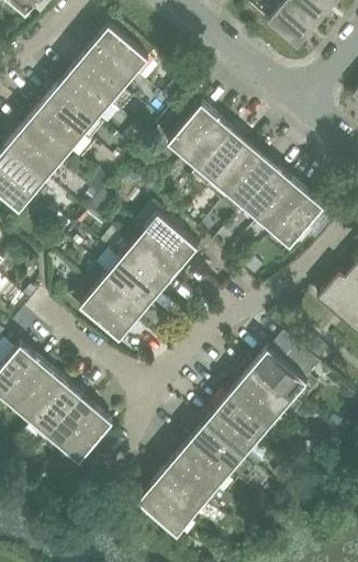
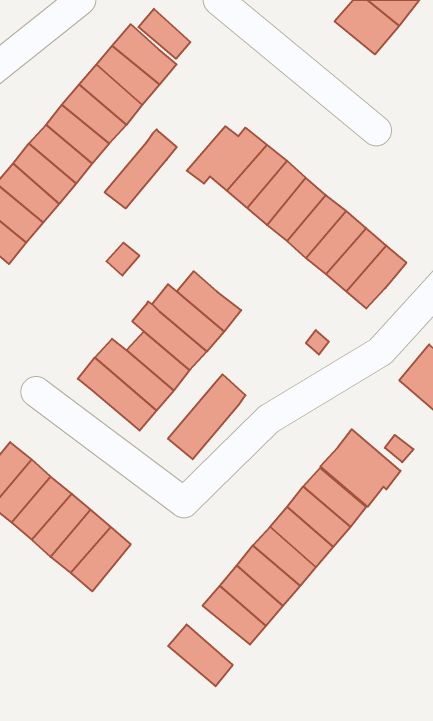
building: none -> [138,9,190,59]
building: none -> [105,129,177,208]
building: none -> [168,374,246,459]
building: [154,472,202,517] -> none

